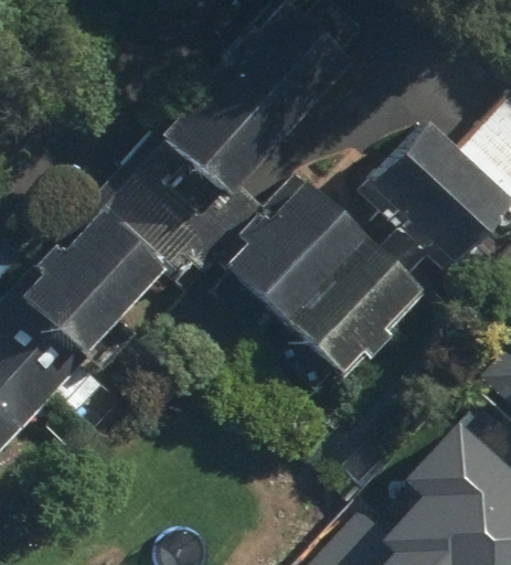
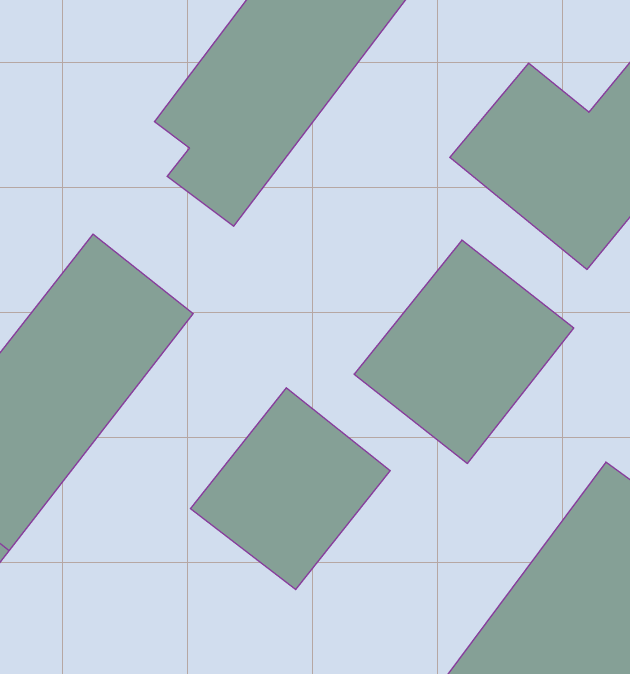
building: [214,180,361,327] -> none
building: none -> [190,388,390,590]

